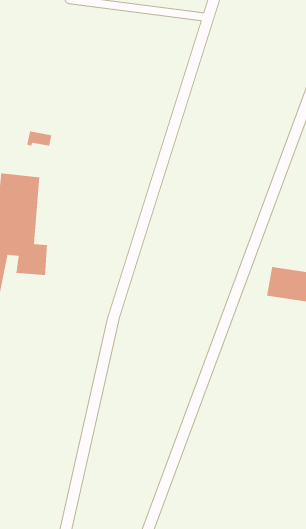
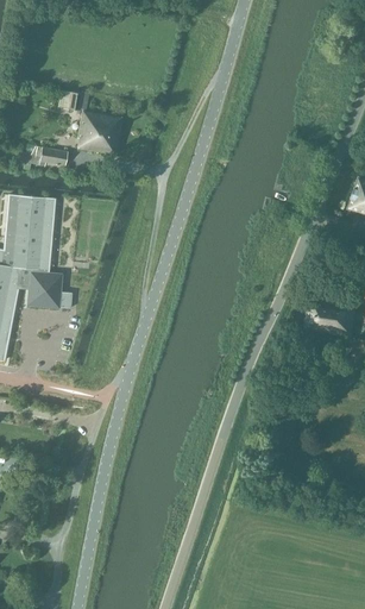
building: none -> [58,89,121,153]

